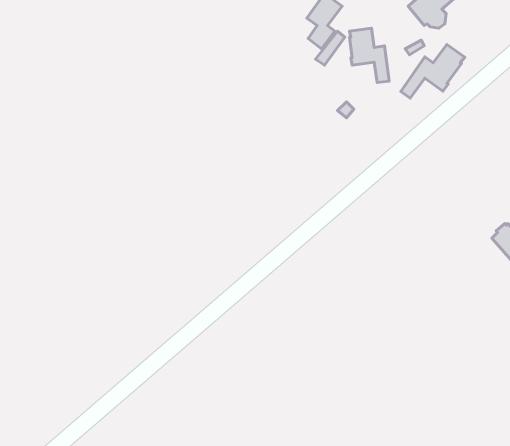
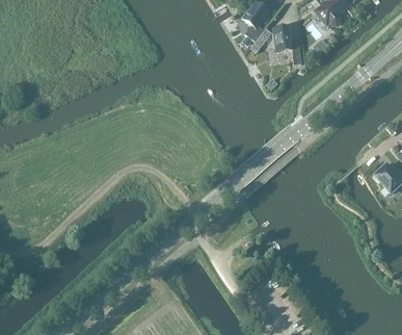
building: [401,45,465,98] -> none

